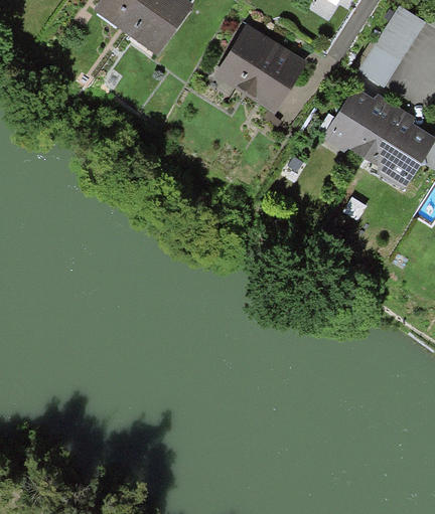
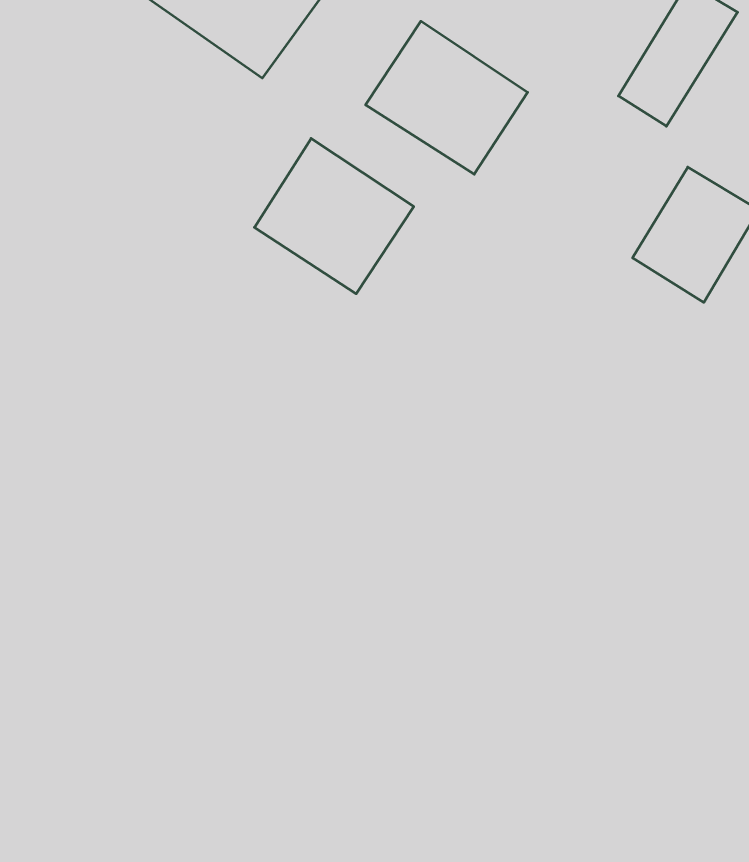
building: [325,83,397,159] -> none
building: none -> [254,138,414,294]

